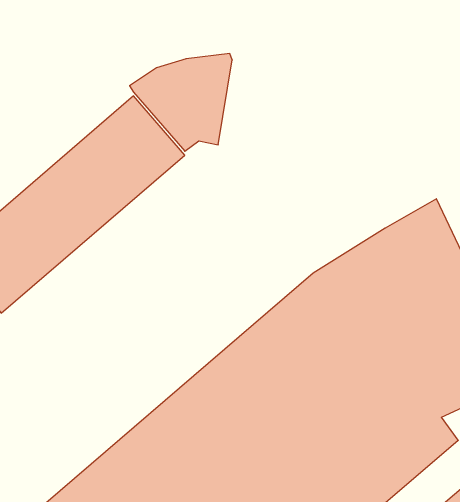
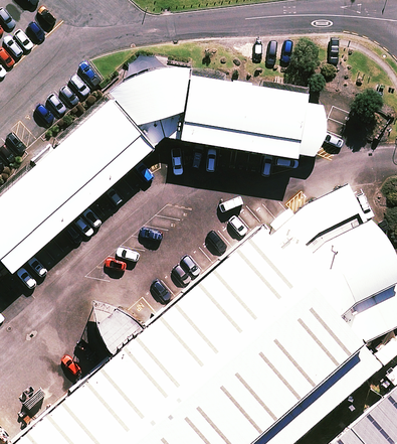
building: none -> [177,73,329,159]

